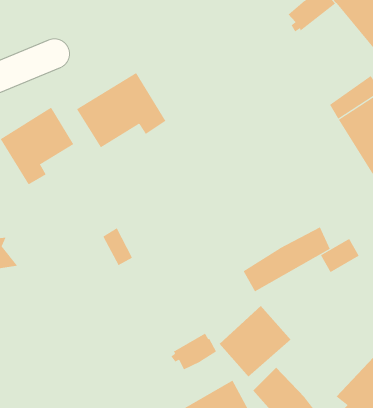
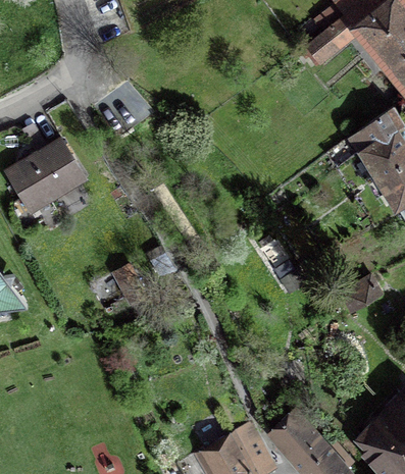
building: [76,72,166,148] -> none
building: [243,226,330,292] -> none
building: [219,305,292,378] -> none
building: [171,333,217,370] -> none

